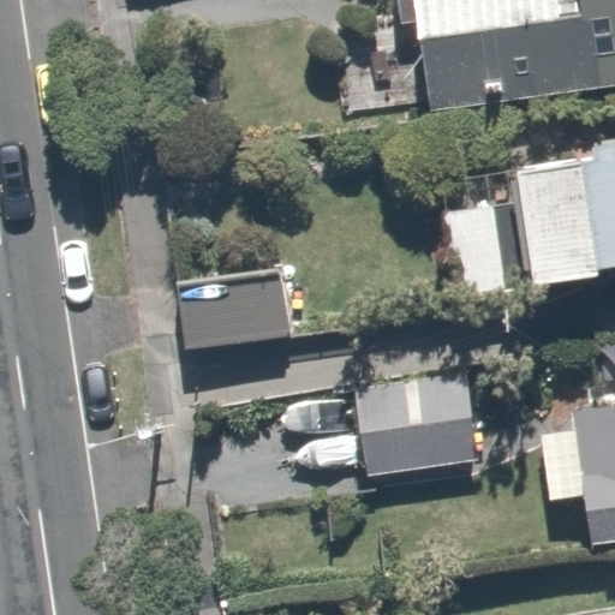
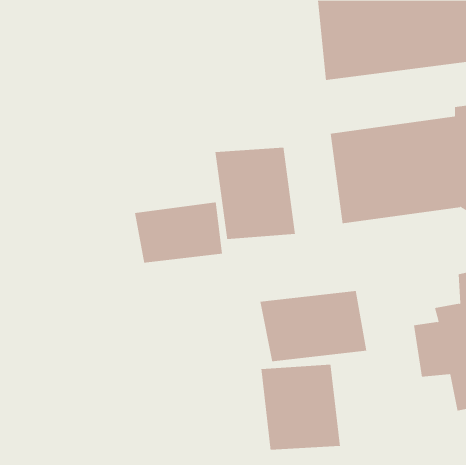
building: none -> [215,147,295,240]
building: none -> [261,364,340,450]

